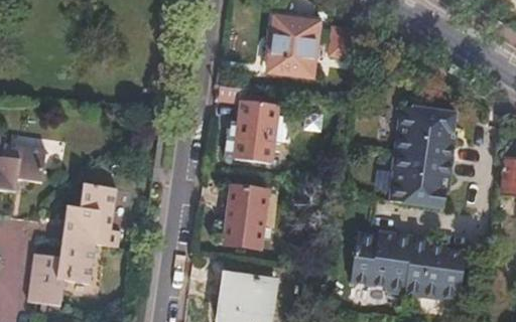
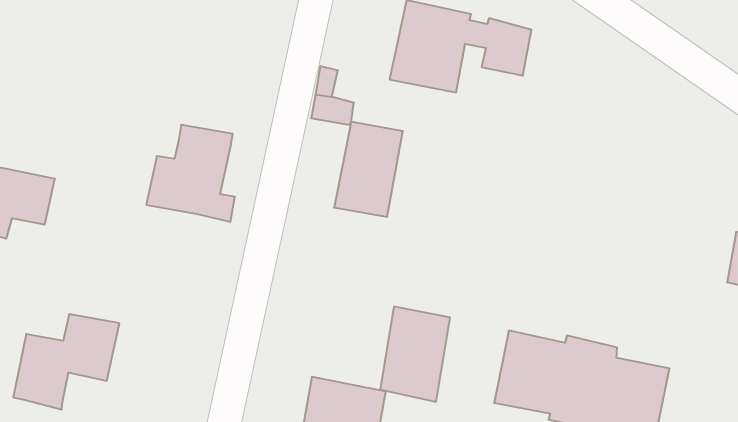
building: [390,106,457,208] -> none
building: [59,185,119,249] -> [146,125,235,222]
building: [225,185,269,248] -> [380,307,450,402]

